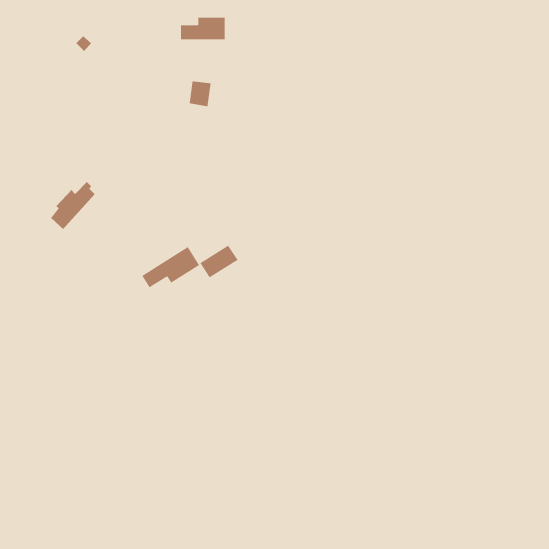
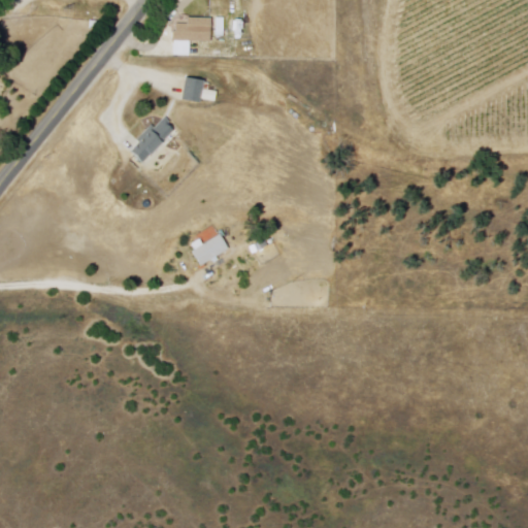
building: [50,181,96,230] -> [131,117,174,163]
building: [141,246,200,288] -> none

